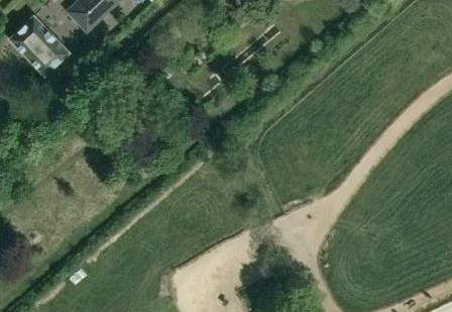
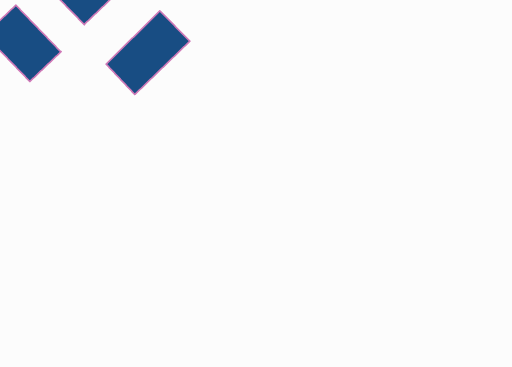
building: none -> [106,11,190,94]

